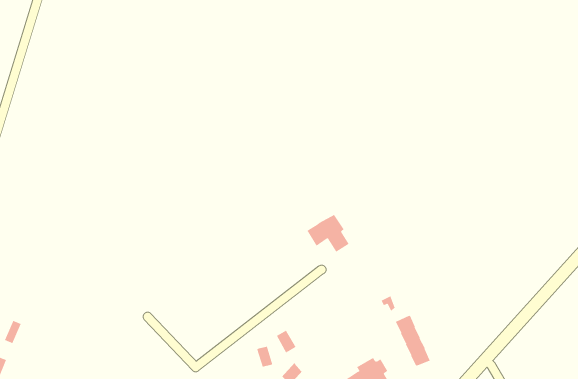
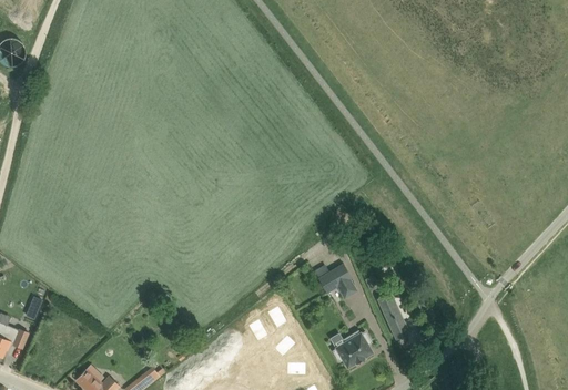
building: [306,214,349,253] -> [317,265,356,299]

